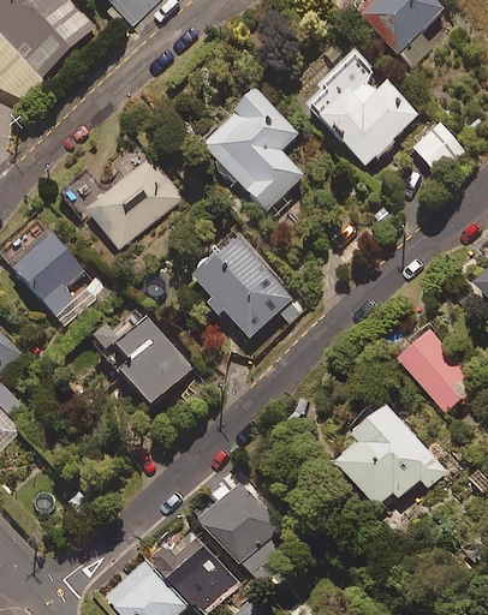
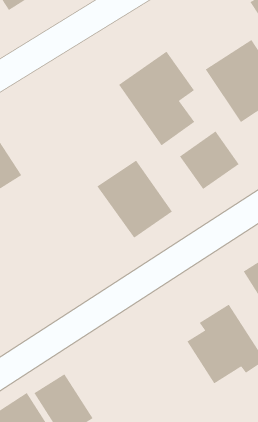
building: [85,157,181,250] -> none
building: none -> [179,131,239,190]
building: [113,316,191,405] -> none
building: [201,479,293,574] -> none

